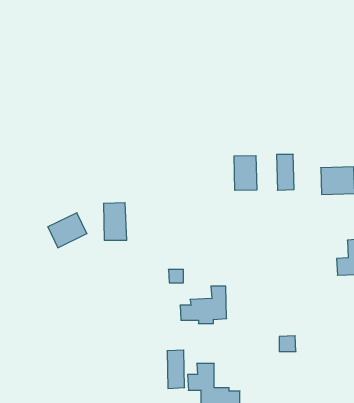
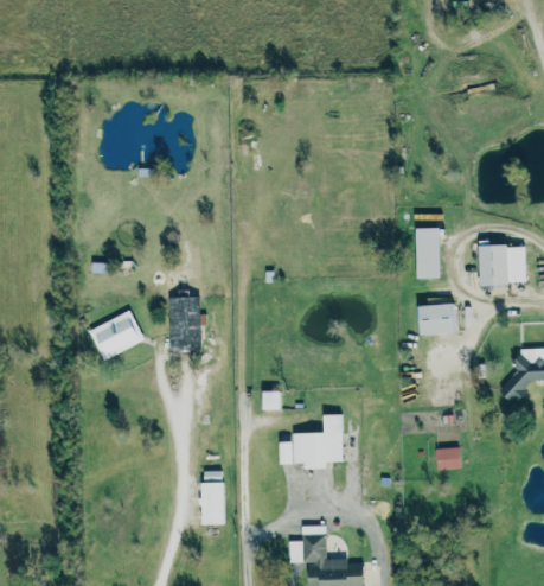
building: [234,156,257,190] -> none
building: none -> [416,304,456,335]
building: [279,336,296,352] -> [436,447,460,470]
building: [167,350,185,388] -> [200,471,225,526]

